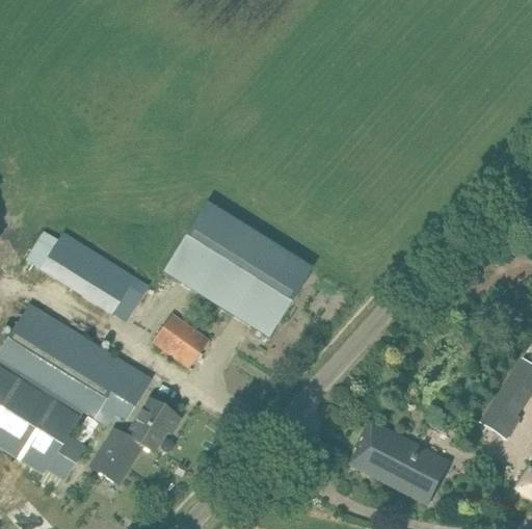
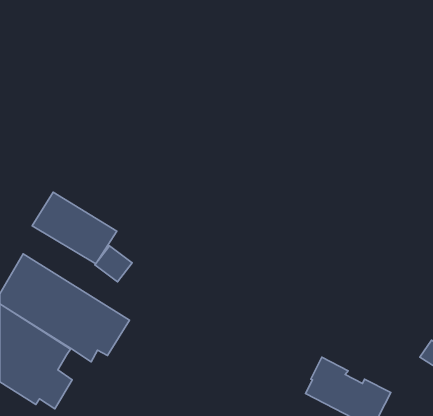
building: [162,201,312,337] -> none
building: [153,313,208,365] -> none
building: [91,397,180,480] -> none

